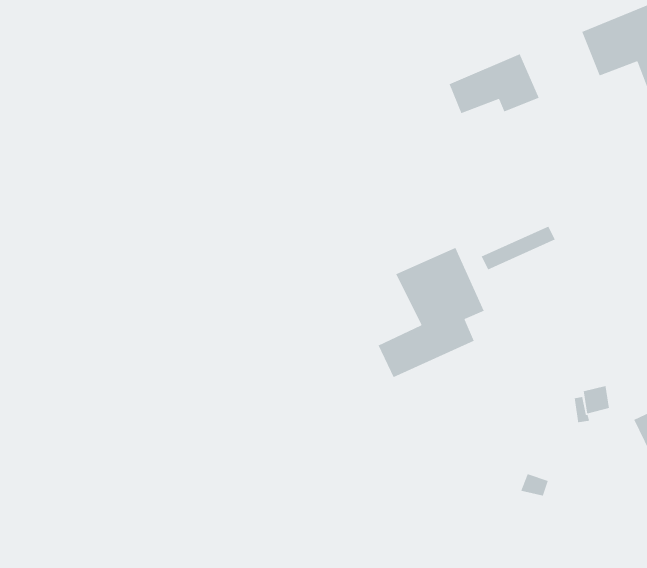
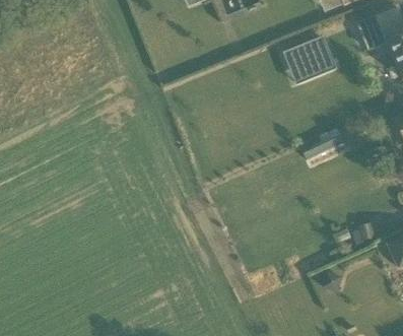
building: [378,247,485,378] -> none

